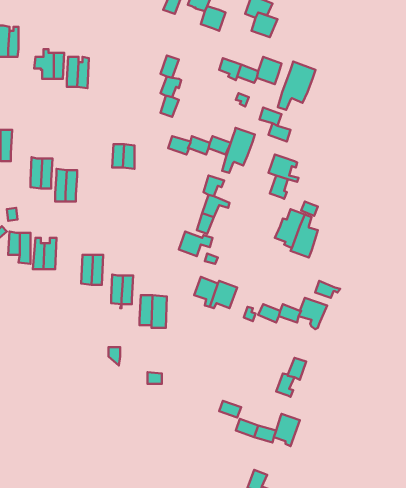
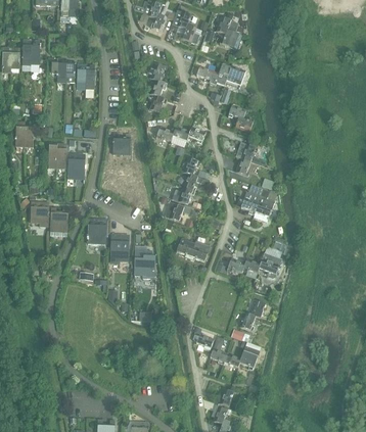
building: [278,61,316,110] -> none
building: [222,128,255,173] -> none

